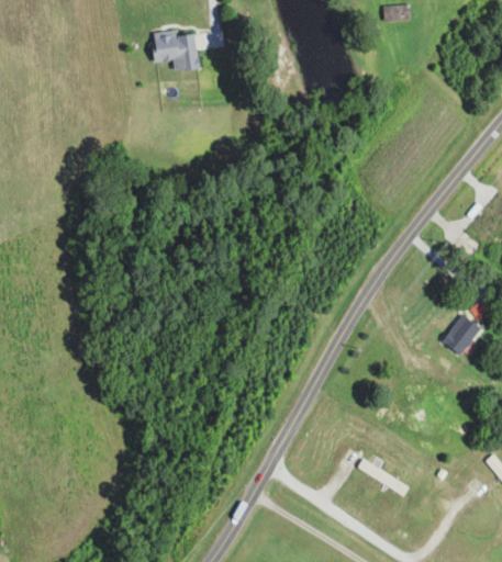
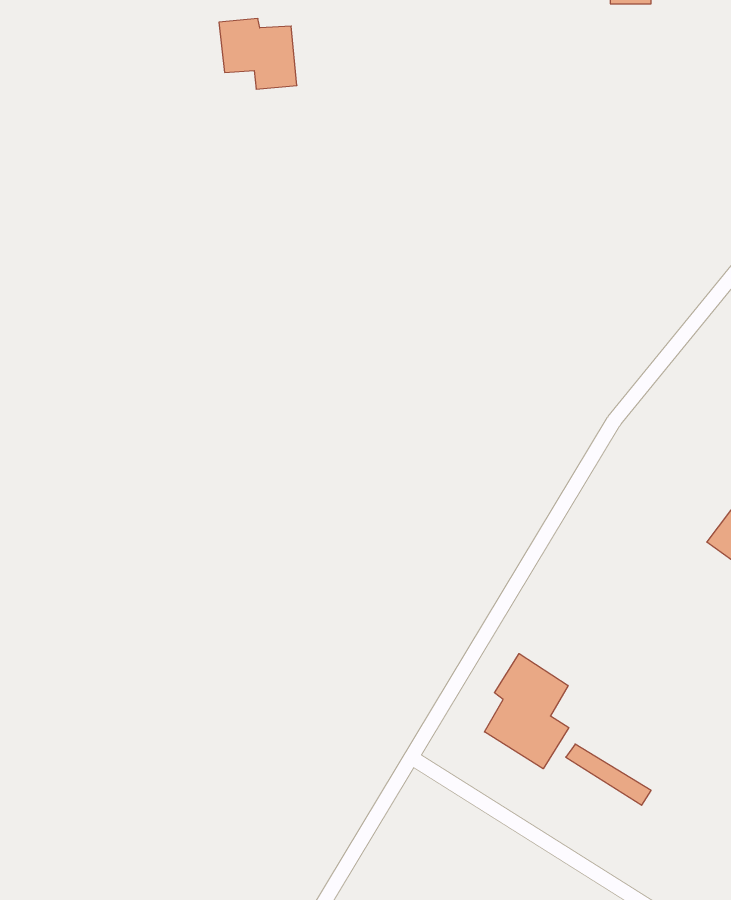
building: none -> [484,654,569,769]

